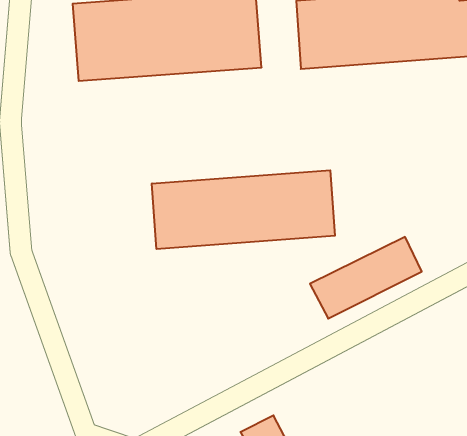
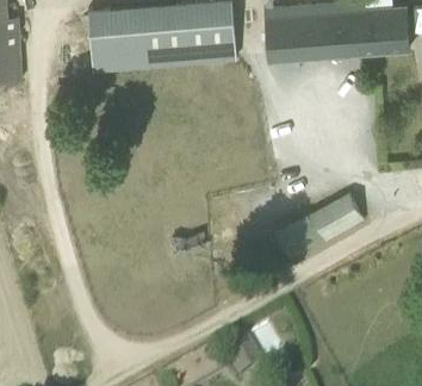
building: [152,170,335,249] -> none

